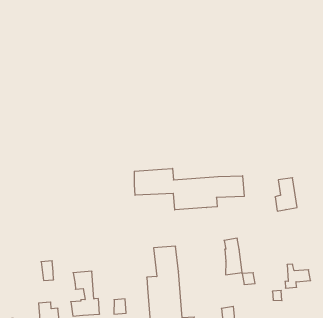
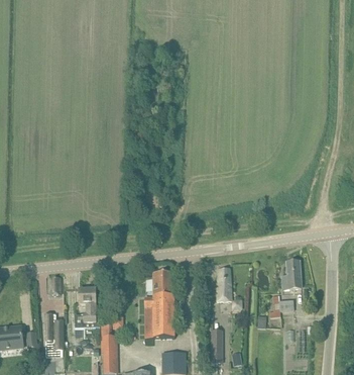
building: [134,168,244,210] -> none
building: [275,178,297,211] -> [282,260,302,289]

